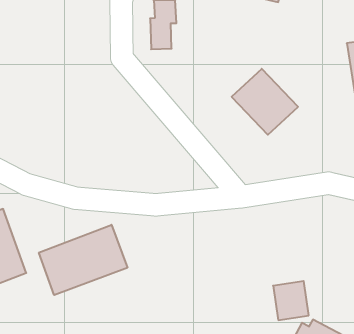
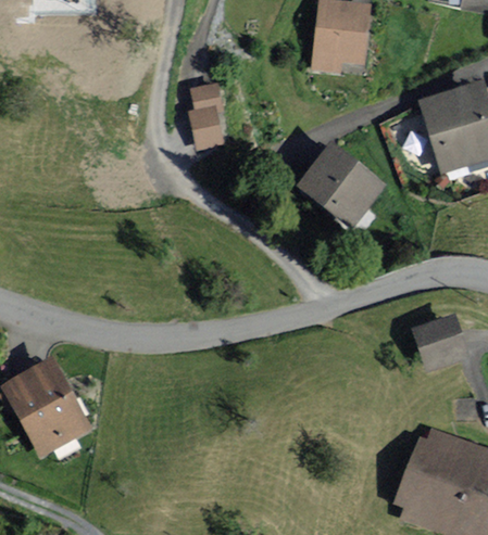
building: [39,225,127,295] -> none
building: [273,281,309,320] -> [416,318,463,368]

